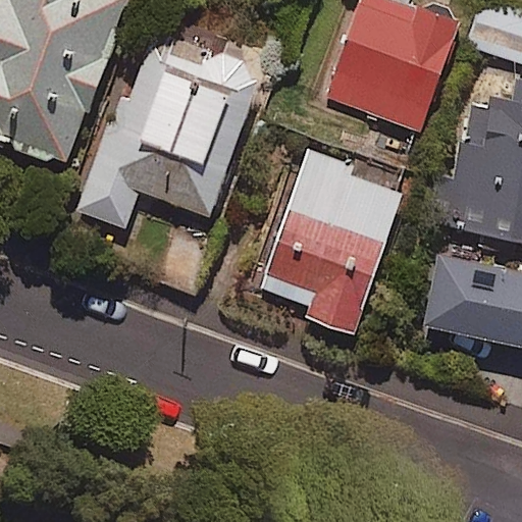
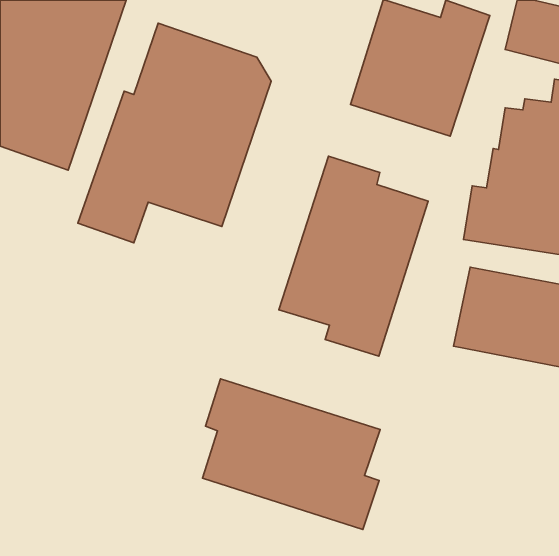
building: none -> [202,379,380,529]

